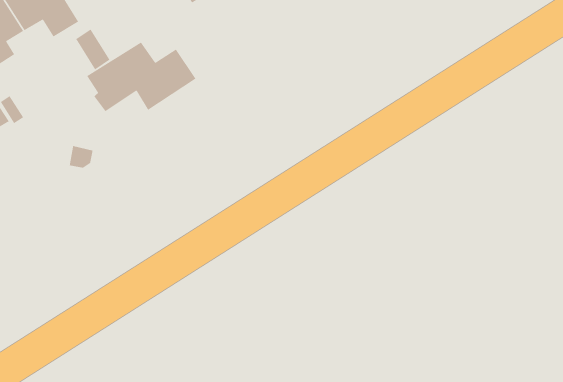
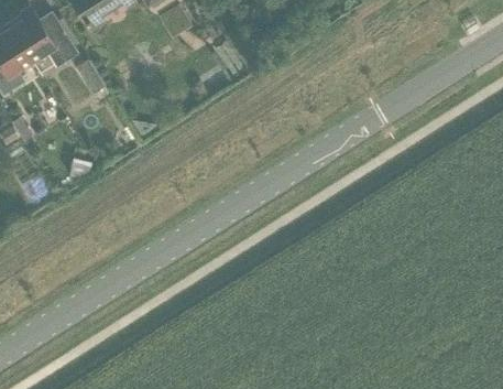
building: [86,41,196,112] -> none

